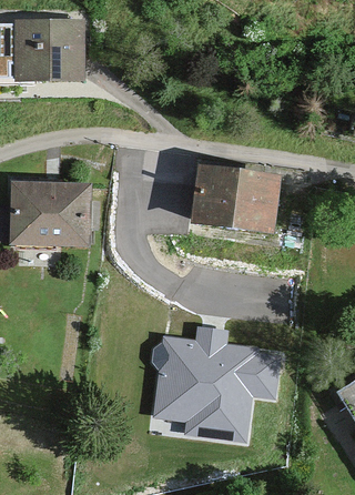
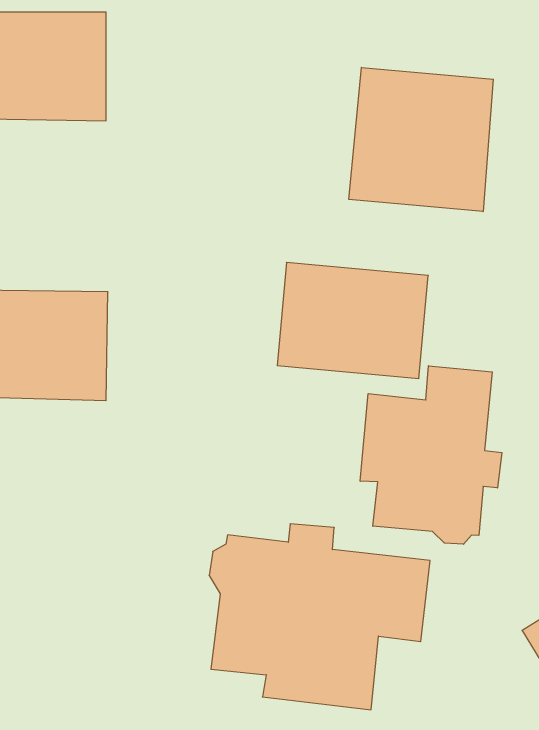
building: none -> [349,67,493,212]
building: none -> [360,366,502,544]

